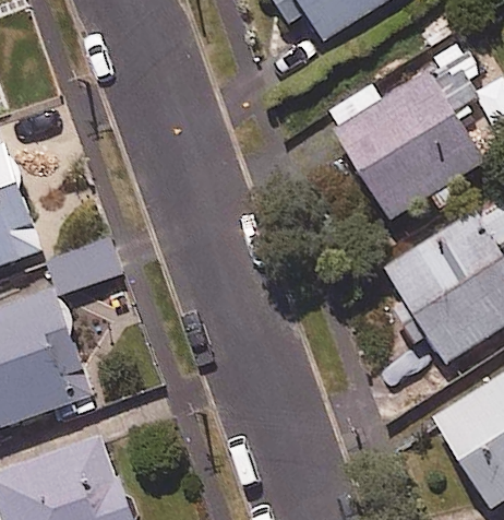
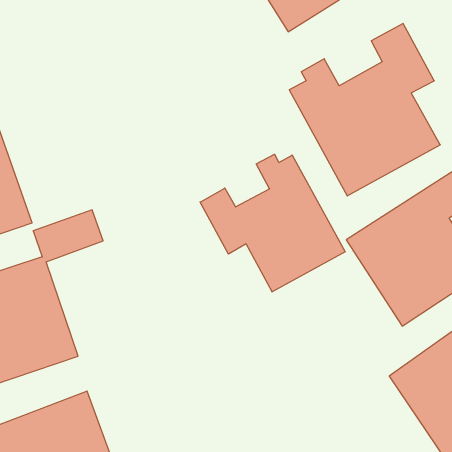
building: none -> [200,154,345,292]

